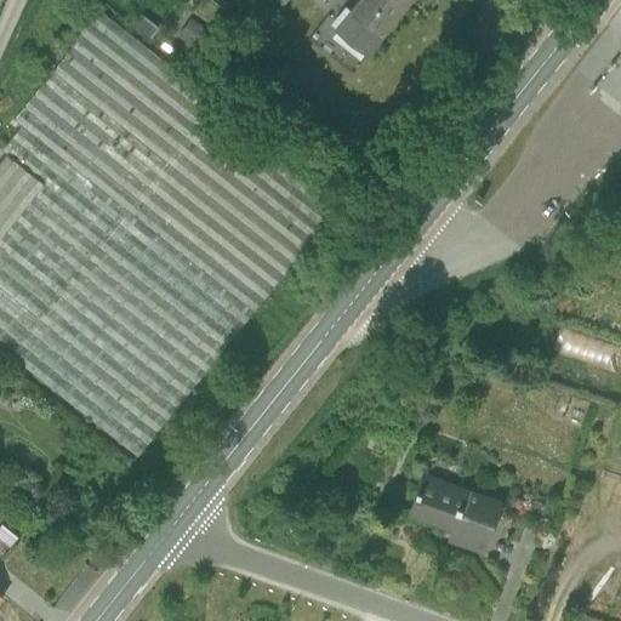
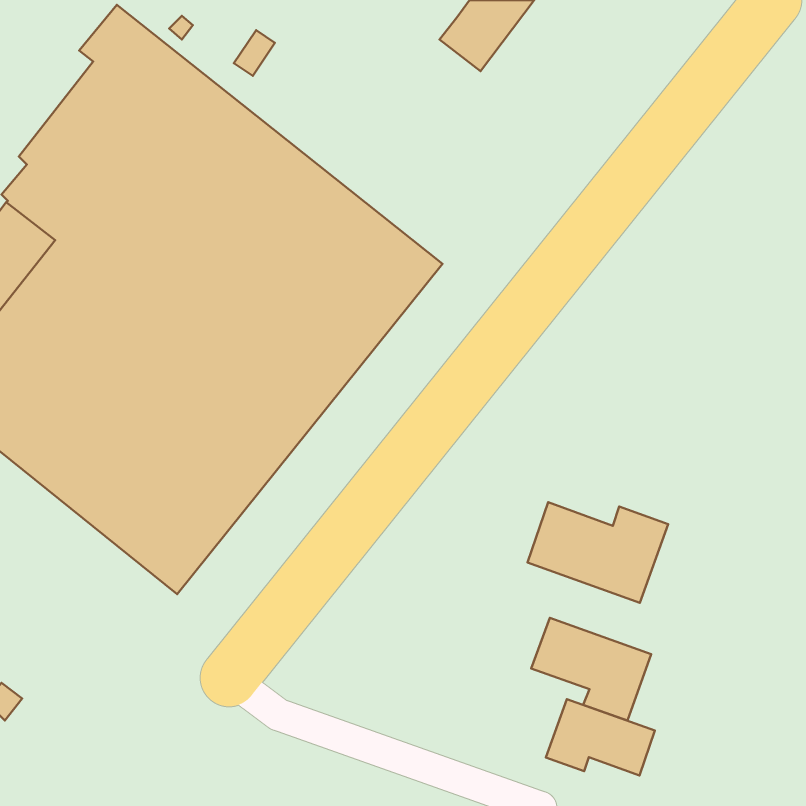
building: none -> [527,502,668,603]
building: none -> [546,699,655,776]

